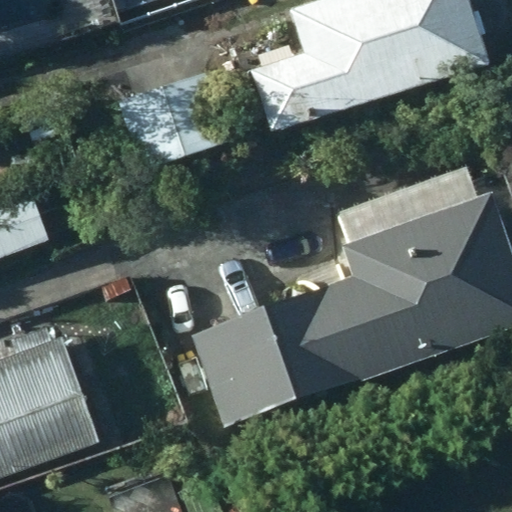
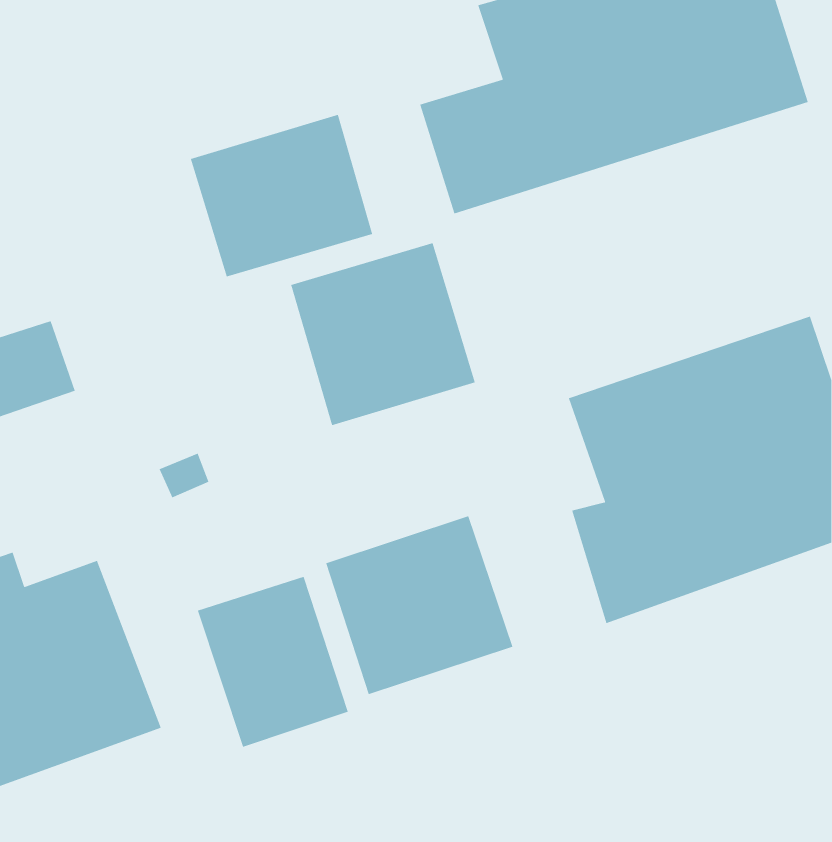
building: none -> [290,242,476,426]
building: none -> [197,576,349,748]

